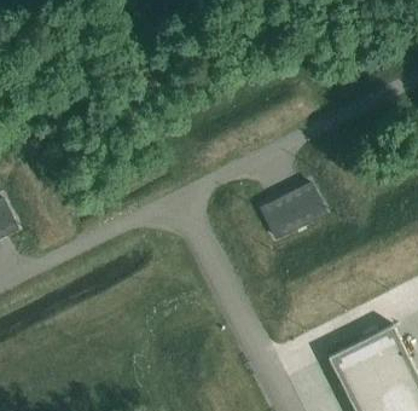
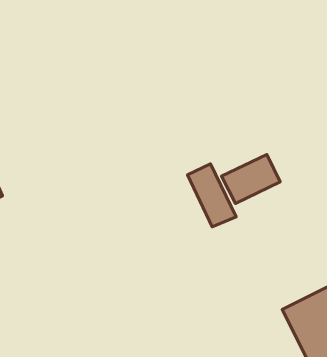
building: none -> [188,164,236,227]

